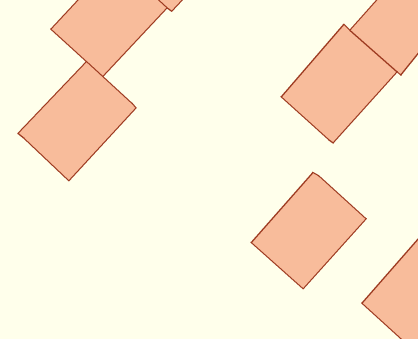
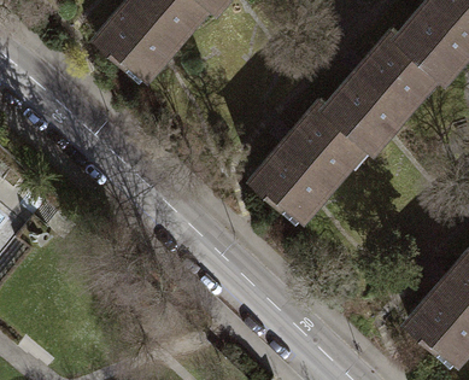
building: [18,61,136,181] -> none
building: [251,172,366,289] -> [256,101,373,220]

